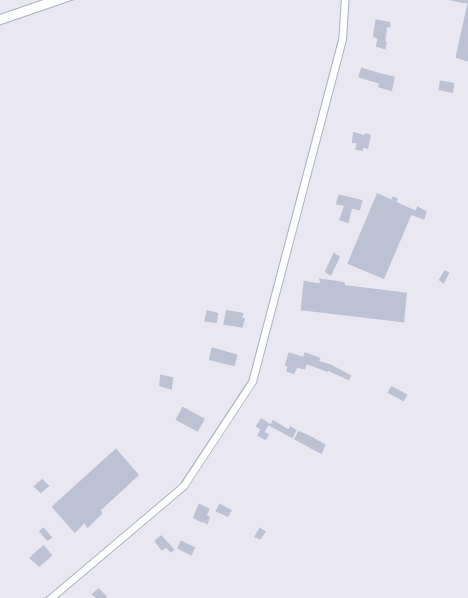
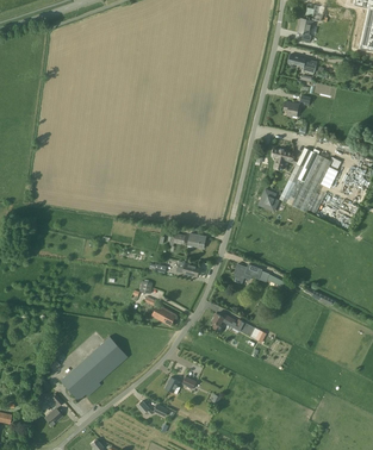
building: [300,277,408,323] -> none

